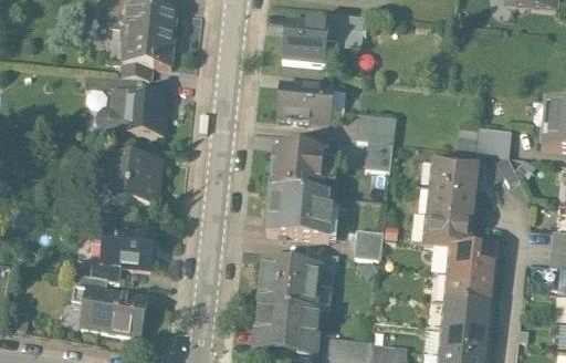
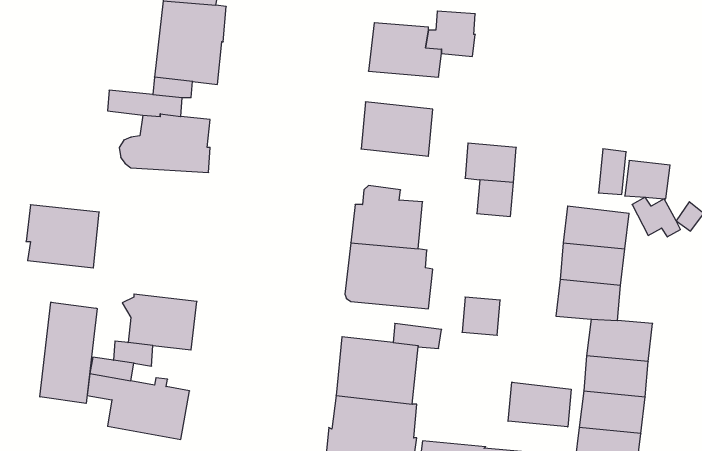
building: [106,157,161,205] -> [26,205,99,268]
building: none -> [40,302,97,403]
building: none -> [508,382,571,427]

